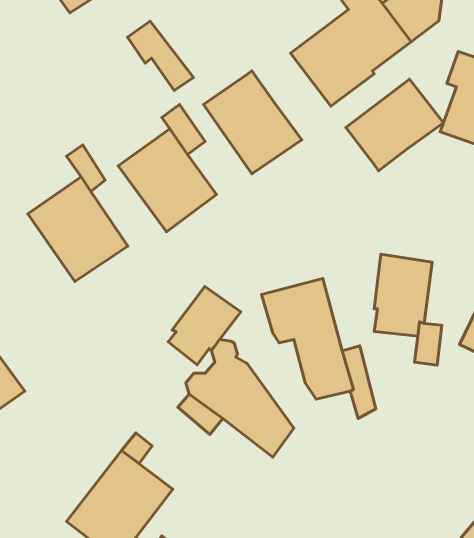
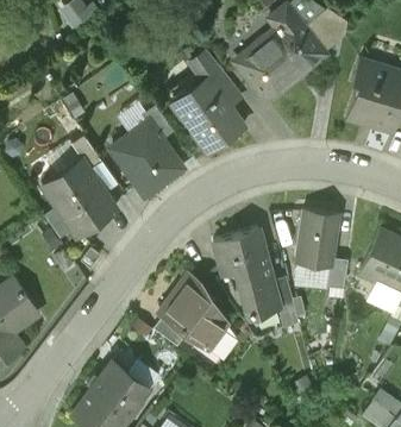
building: [127,21,194,90] -> [189,48,238,99]
building: [346,79,443,171] -> none
building: [168,286,241,365] -> none

